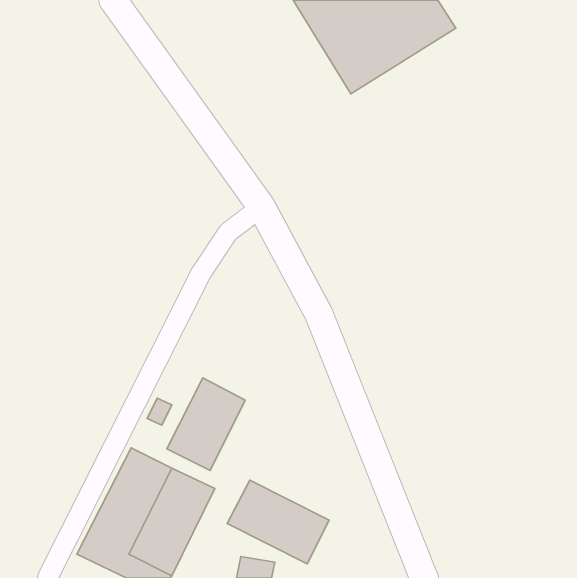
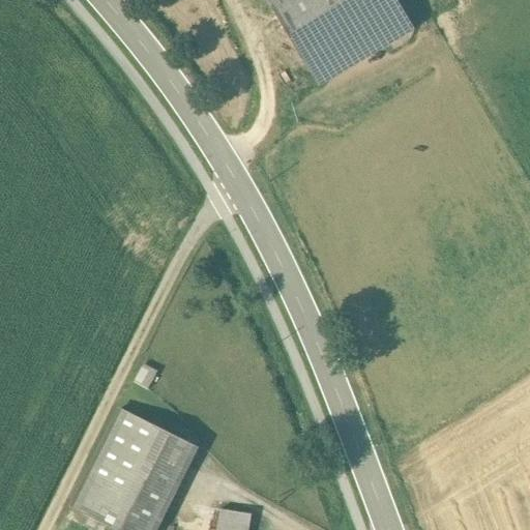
building: [167,378,245,471] -> none
building: [227,480,329,564] -> none

